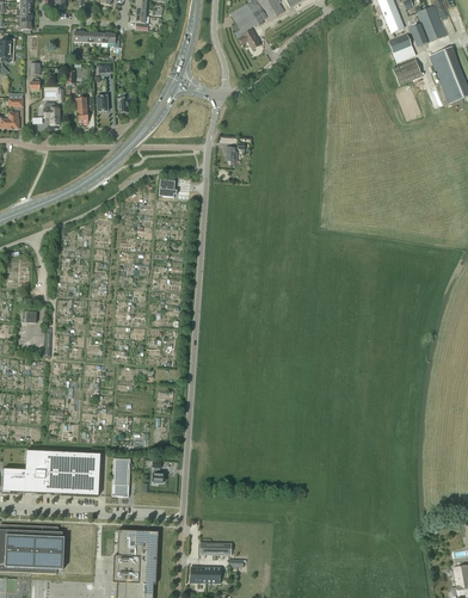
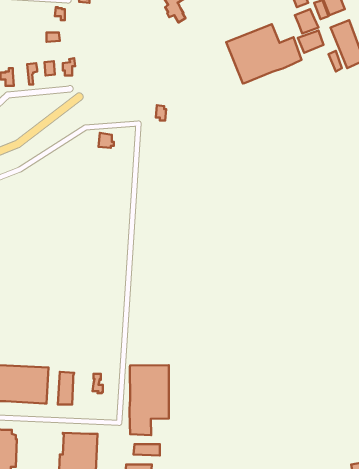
building: none -> [226,24,302,84]
building: none -> [129,365,169,435]

